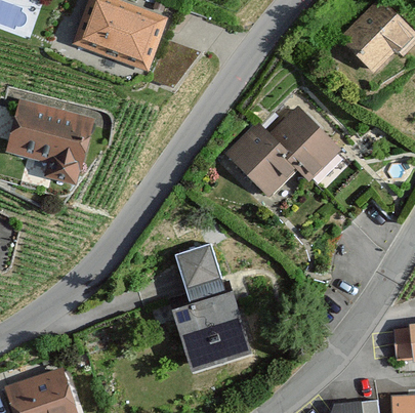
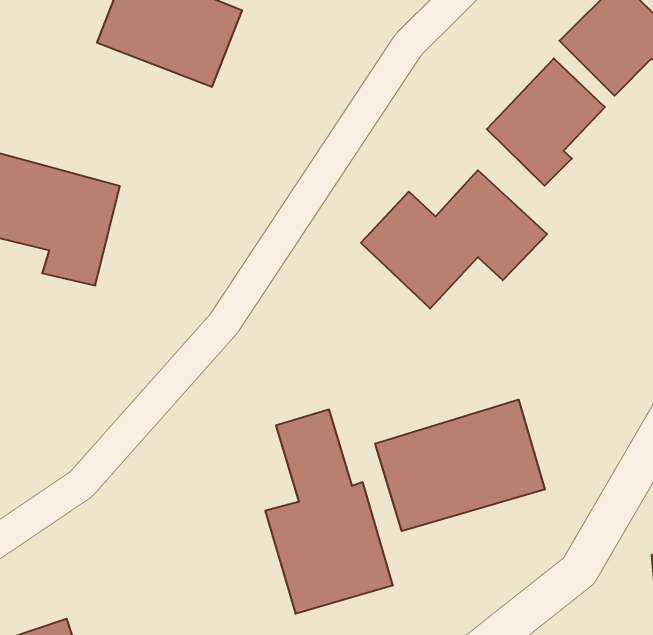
building: none -> [487,58,605,186]
building: none -> [375,400,545,531]

